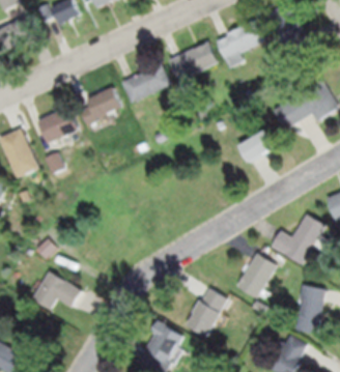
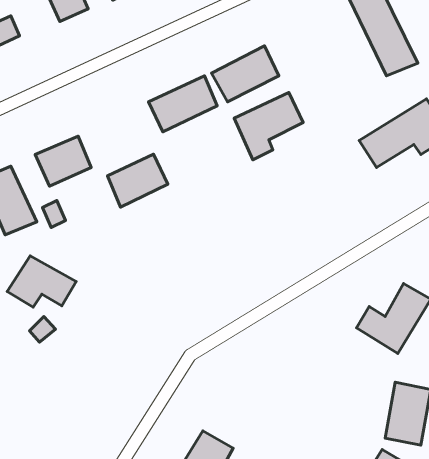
building: [216,20,265,68] -> [234,93,303,160]
building: [79,88,122,126] -> [108,154,168,207]
building: [238,131,277,164] -> none
building: [236,253,276,297] -> none
building: [31,271,81,309] -> [7,256,76,307]
building: [186,287,226,336] -> none

